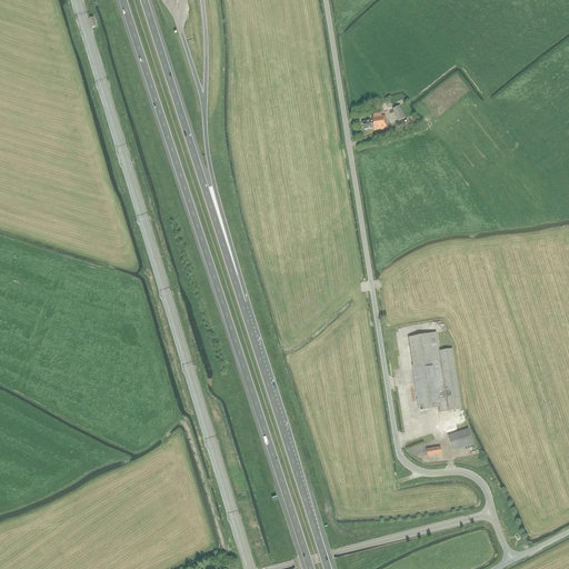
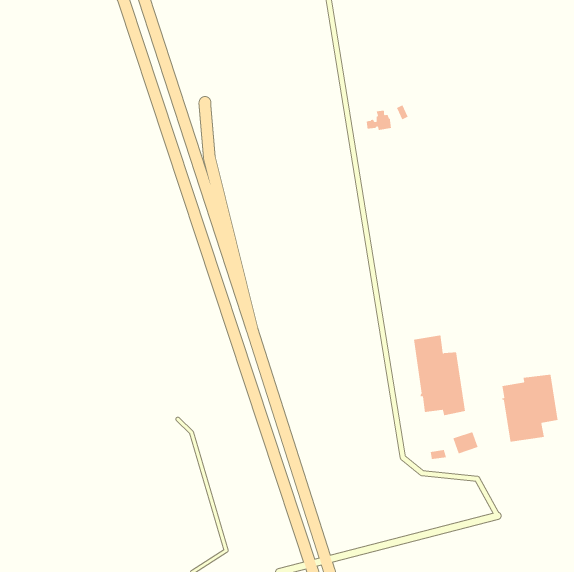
building: none -> [501,374,558,443]

